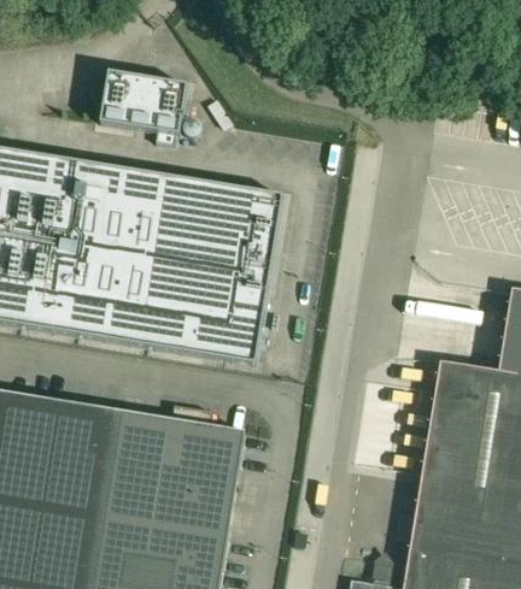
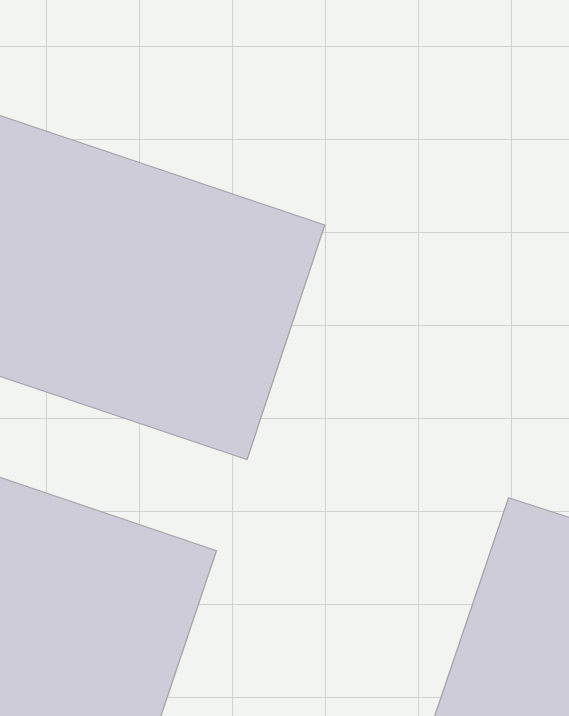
building: [99,70,188,145] -> none

